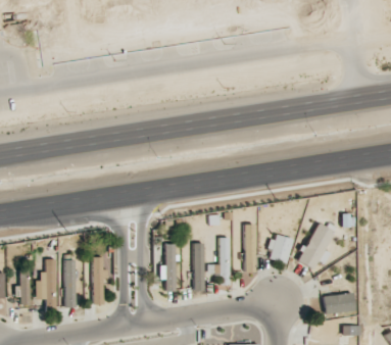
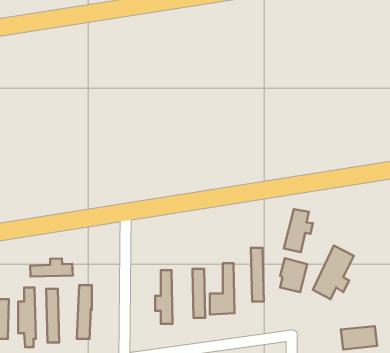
building: none -> [284,209,313,252]
building: none -> [30,258,73,277]

